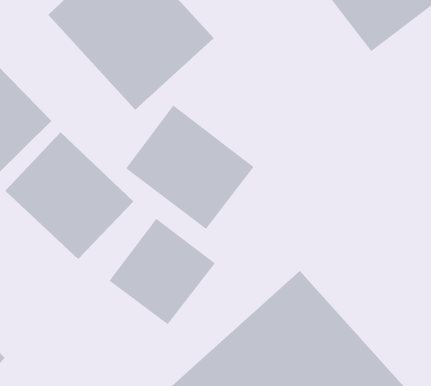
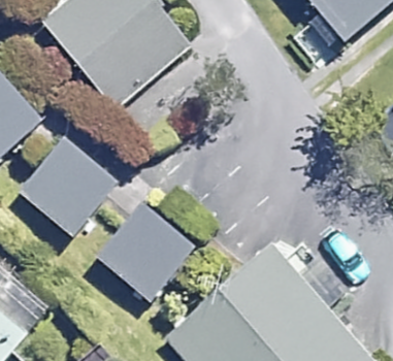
building: [125,104,255,230] -> none

